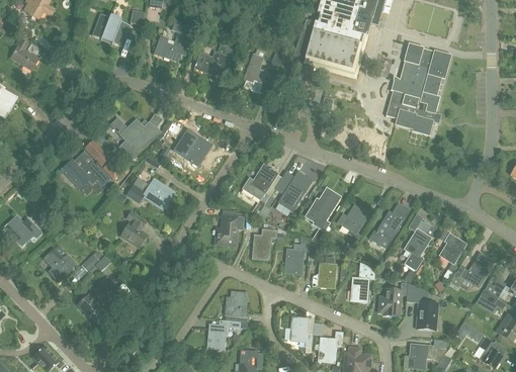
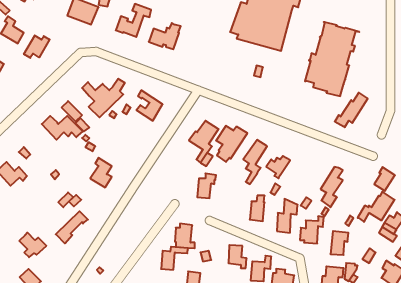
building: [242,48,266,93] -> none
building: none -> [24,35,50,58]
building: [126,176,172,209] -> none
building: [367,202,408,245] -> [335,93,368,127]
building: [214,209,243,246] -> none
building: [438,234,463,263] -> [374,167,395,191]
building: [284,237,311,274] -> none
building: [44,248,77,278] -> [19,233,46,257]

